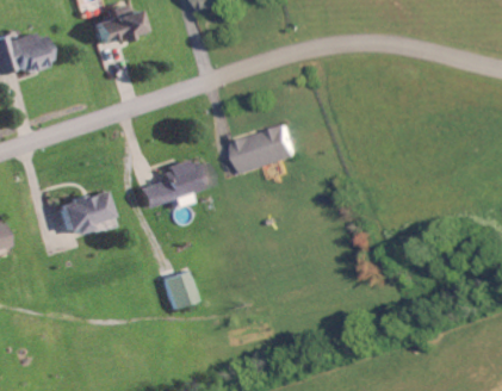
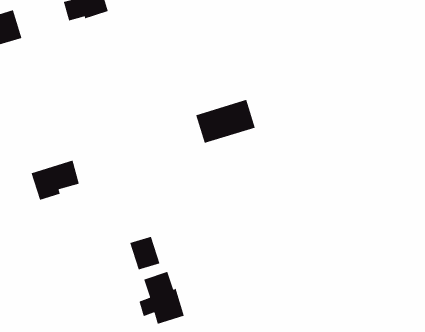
building: [137,160,211,206] -> none
building: none -> [139,271,185,325]

